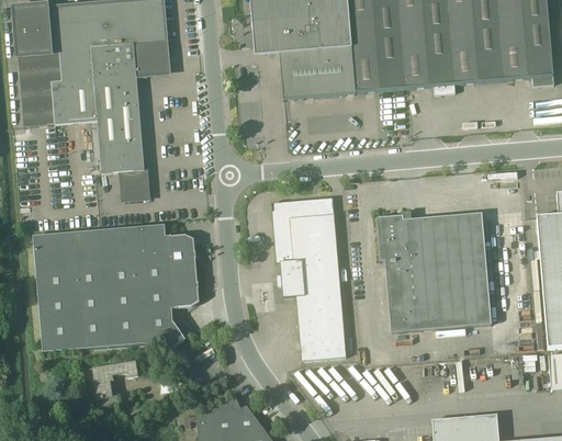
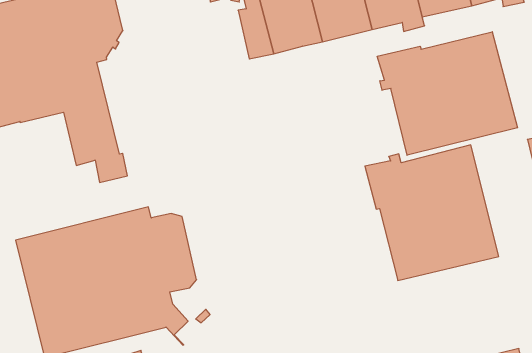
building: none -> [377,32,518,155]
building: [274,200,346,359] -> none

